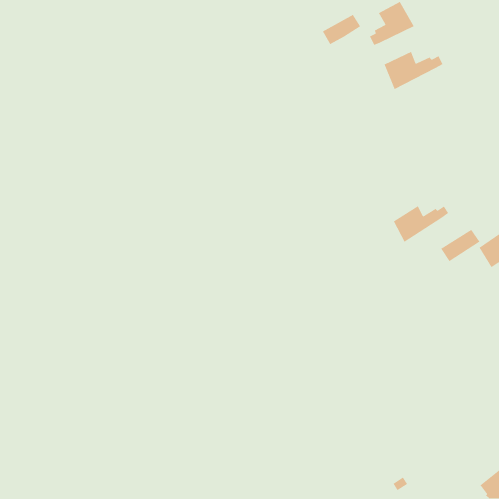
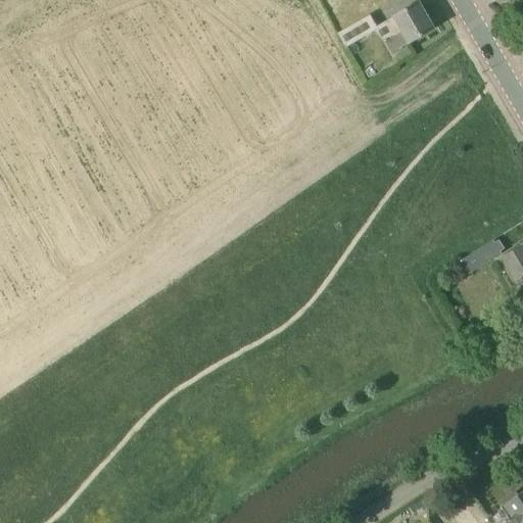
building: [383,51,444,90] -> none
building: [393,205,449,243] -> none

